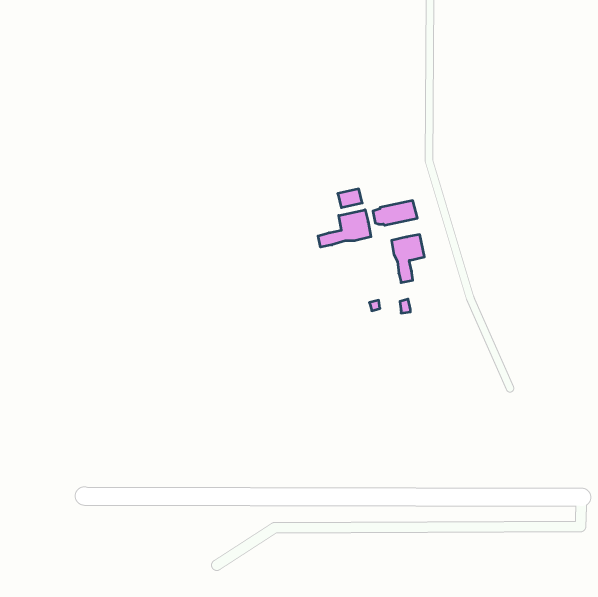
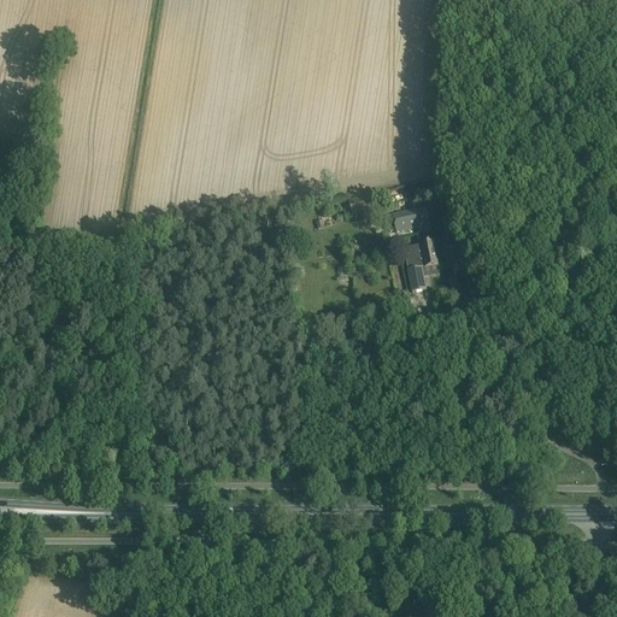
building: [318,210,371,247] -> none

